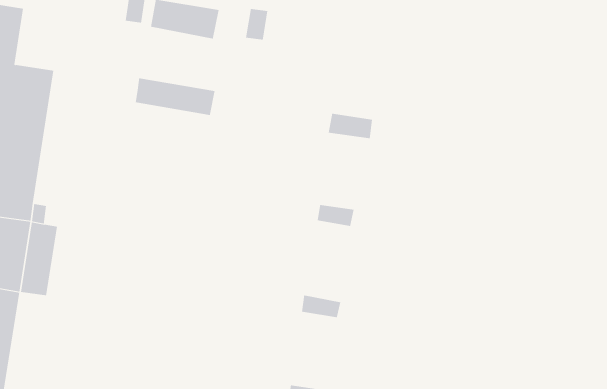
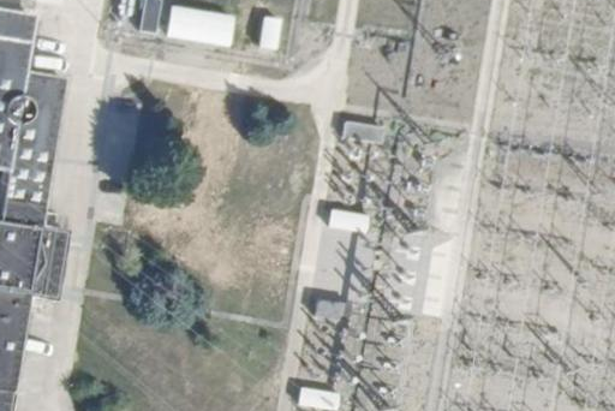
building: [135,77,215,116] -> none

